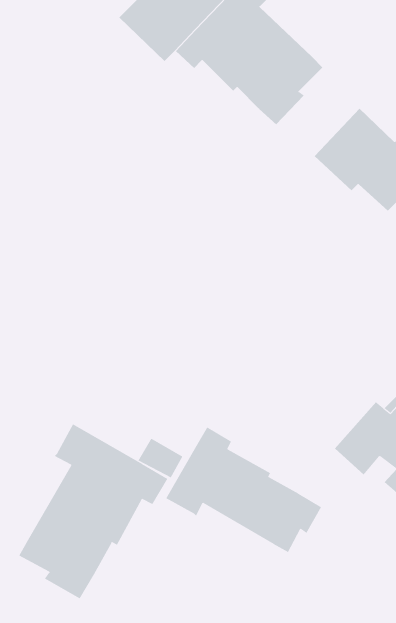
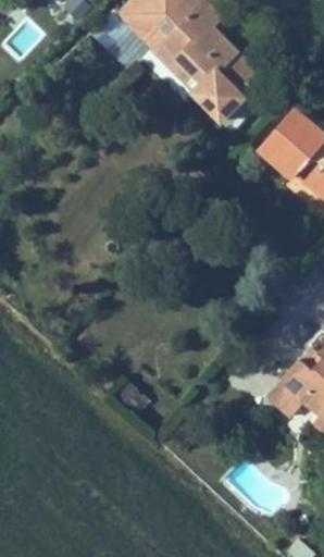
building: [19,424,168,599] -> none
building: [166,426,322,553] -> none

